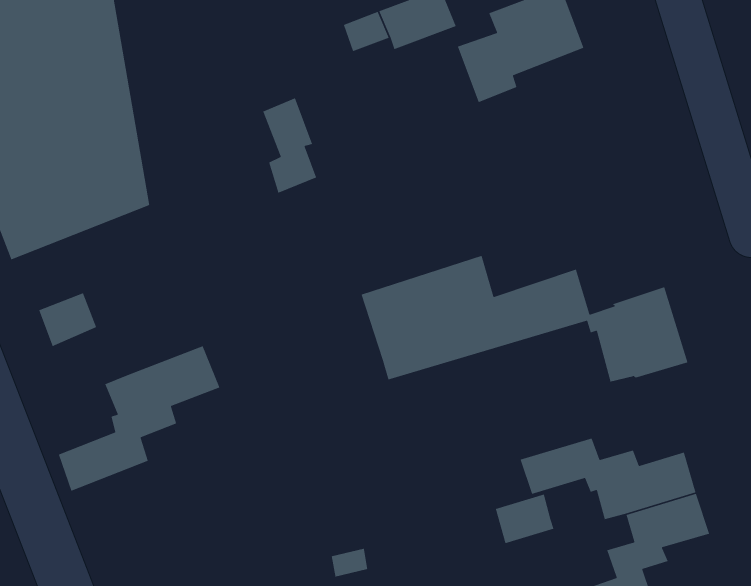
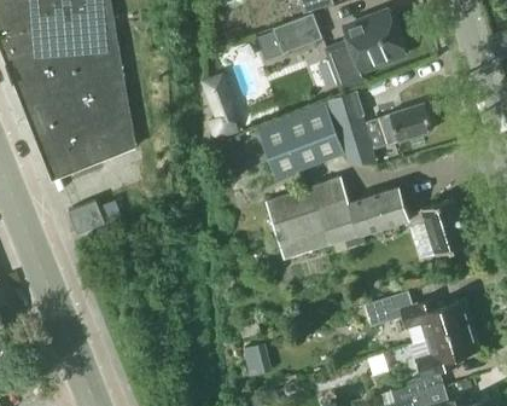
building: none -> [257,91,432,179]
building: [58,345,220,492] -> none
building: [495,494,555,544] -> none

